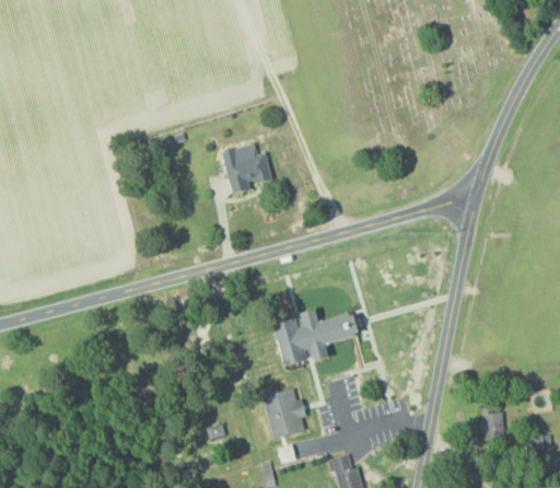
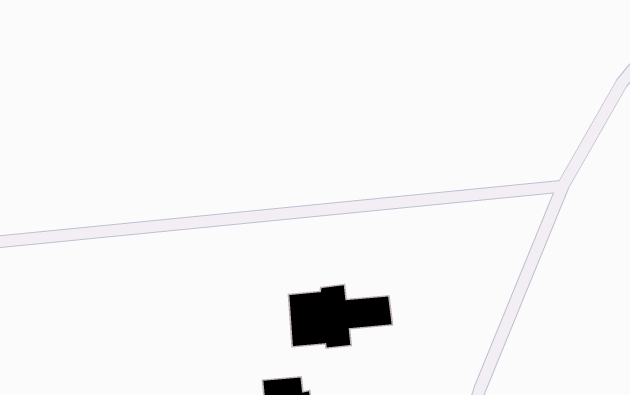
building: [221,143,271,191] -> none

